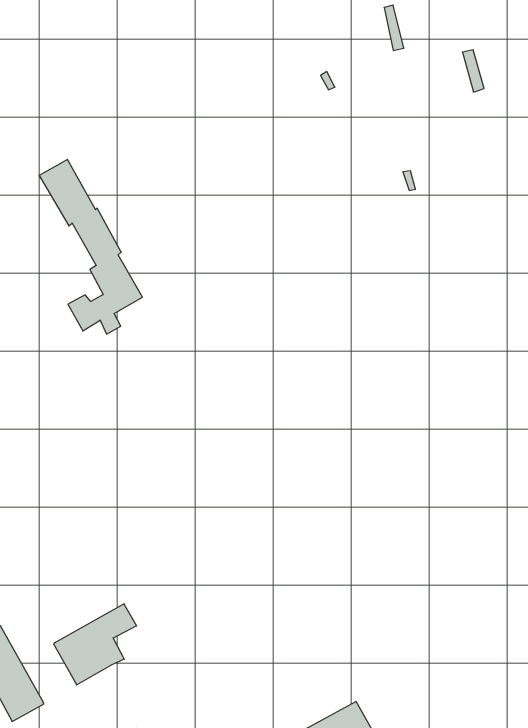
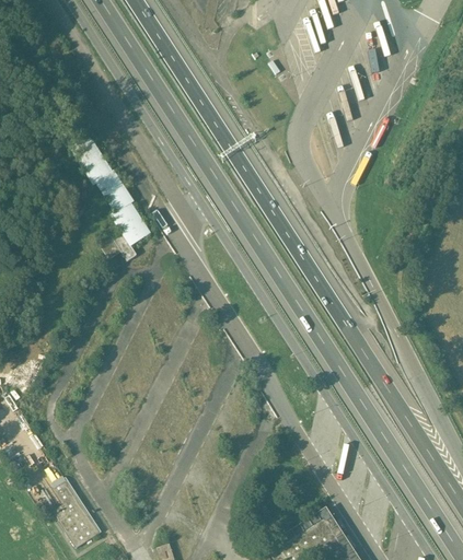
building: [54,604,137,685] -> none

